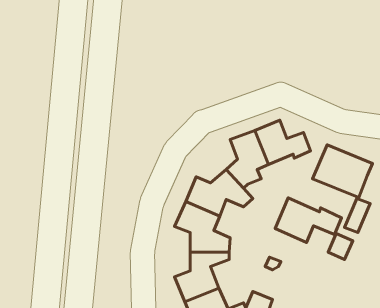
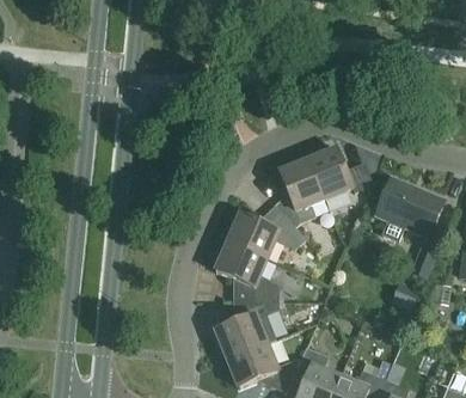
building: [275,198,342,242] -> none

